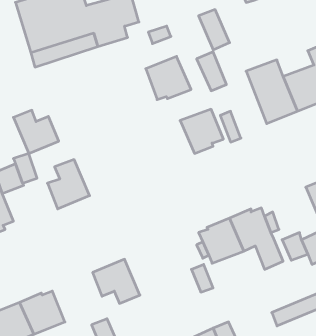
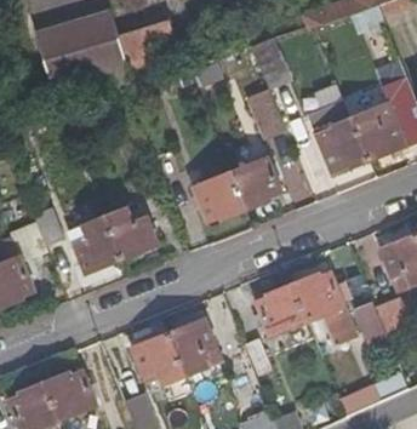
building: [146,56,191,100] -> [194,168,247,219]
building: [13,110,59,153] -> [105,206,159,257]
building: none -> [165,318,219,374]

